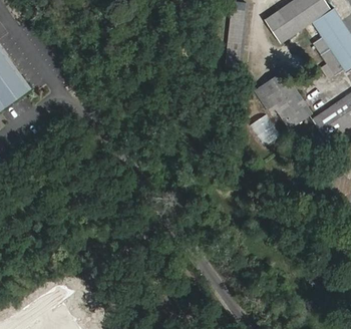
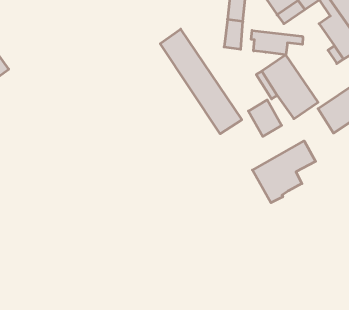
building: none -> [160,29,242,134]
building: none -> [251,30,303,55]
building: none -> [252,141,316,203]

